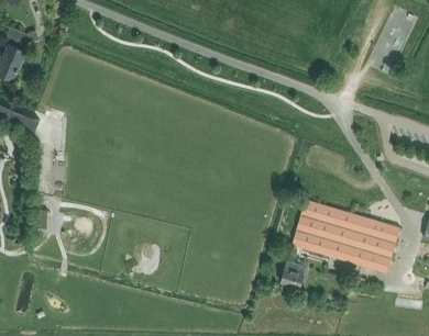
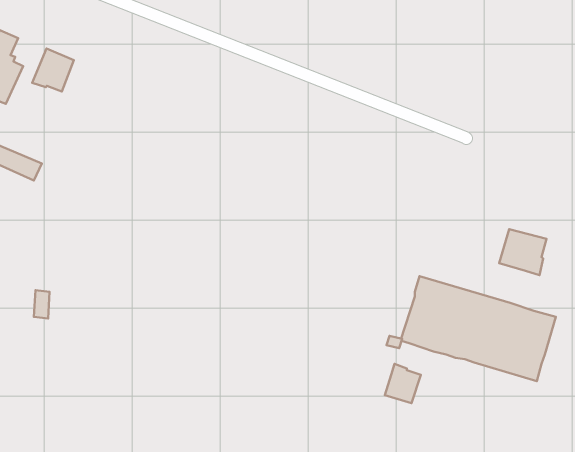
building: none -> [32,48,74,92]
building: none -> [499,229,546,275]

